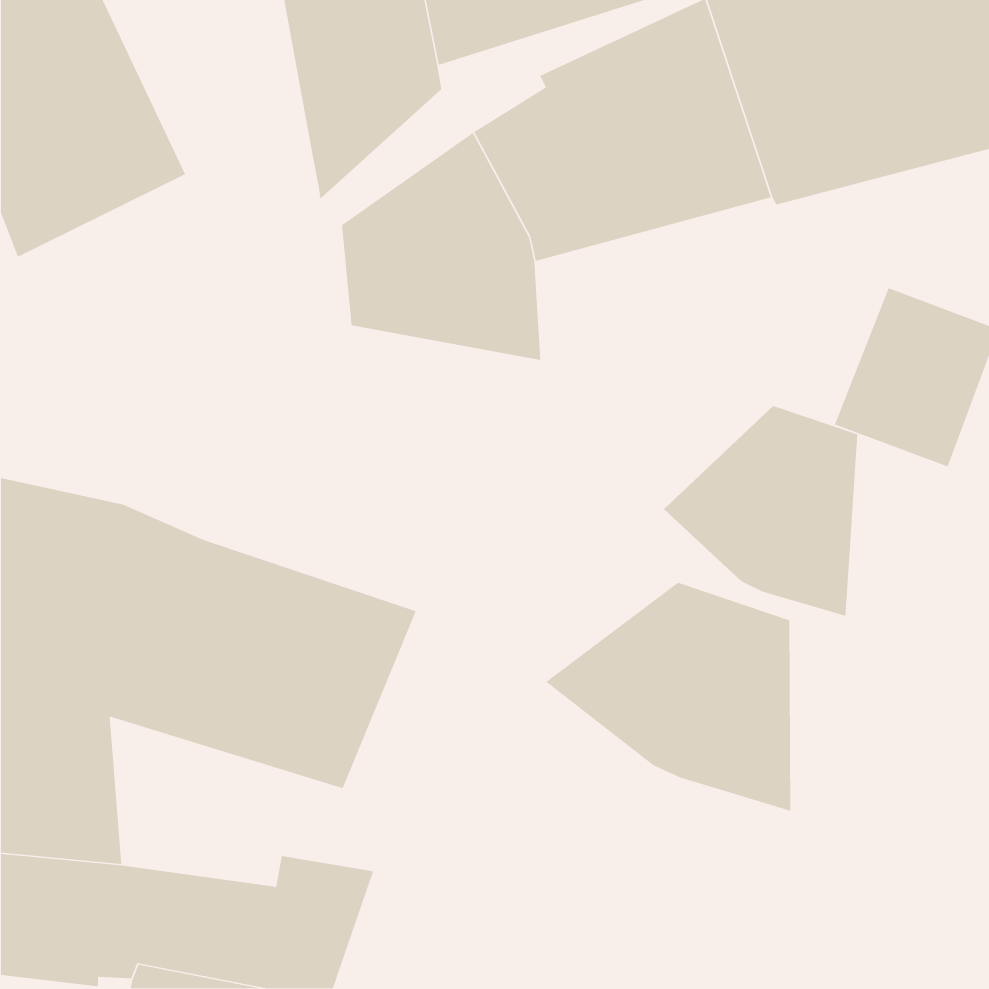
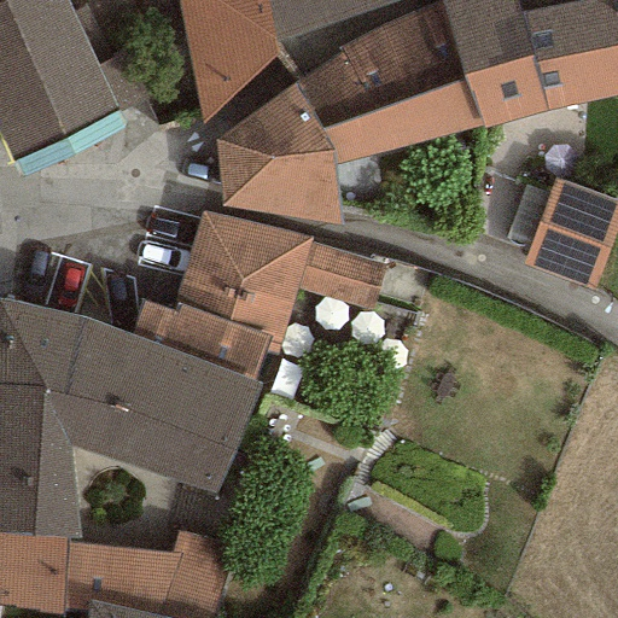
building: none -> [128,210,385,378]
building: [663,405,858,617] -> none
building: [545,582,791,812] -> none

